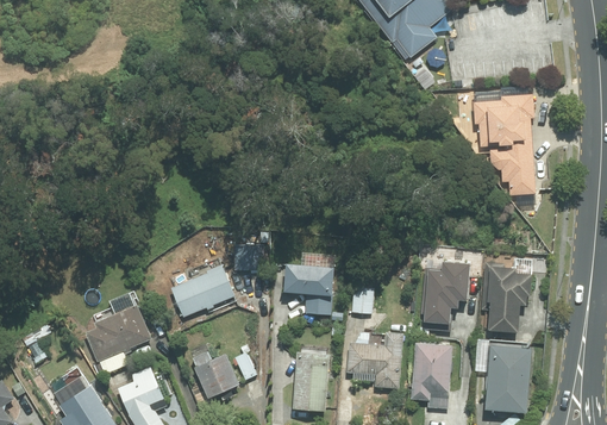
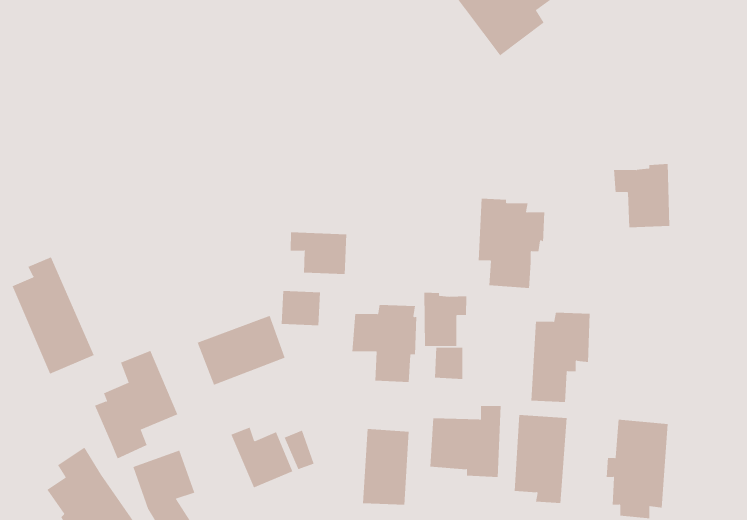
building: [474,93,531,145] -> none
building: none -> [290,231,347,275]
building: none -> [12,256,94,374]
building: none -> [424,292,467,347]
building: [480,261,532,331] -> [478,198,545,288]

